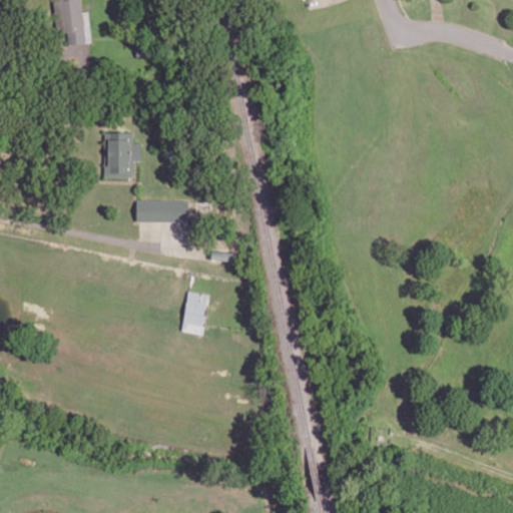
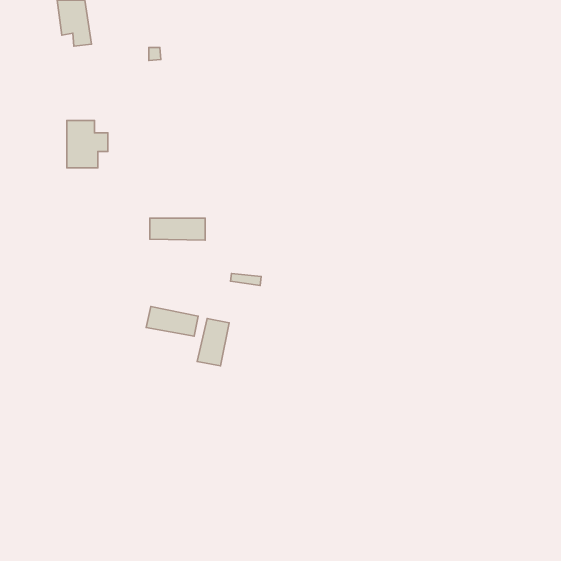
building: [104,133,141,176] -> [67,121,108,168]
building: none -> [146,306,198,336]

